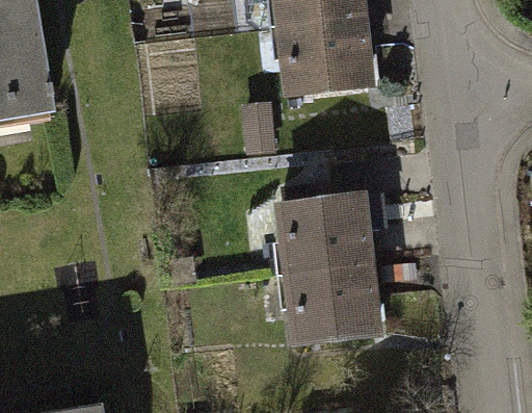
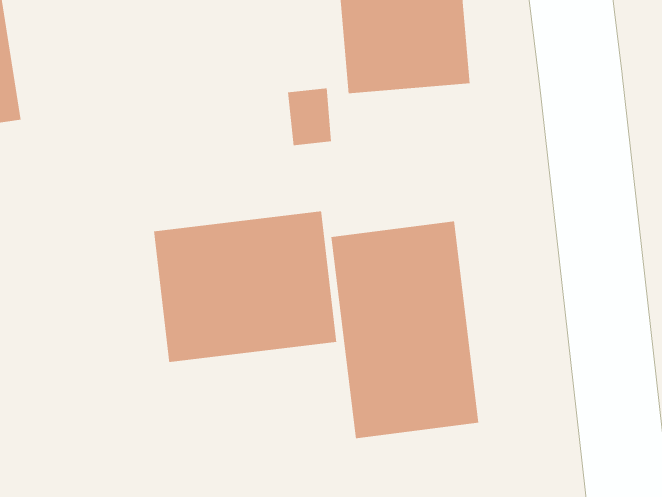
building: none -> [153,211,337,363]

